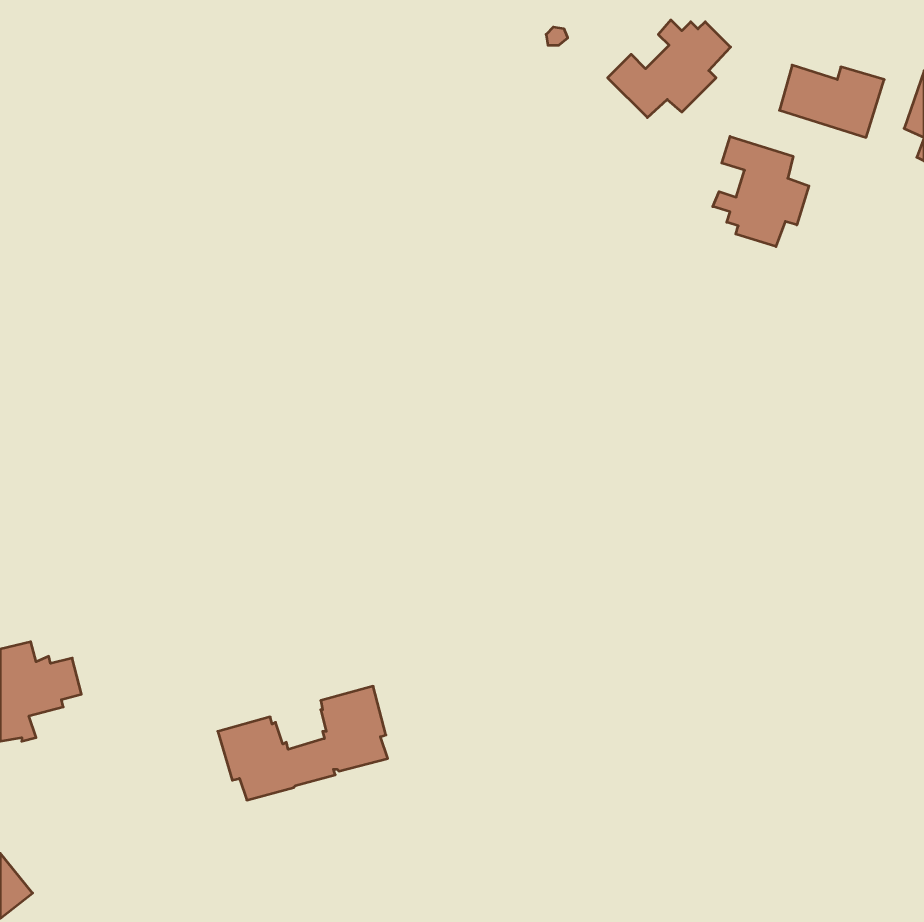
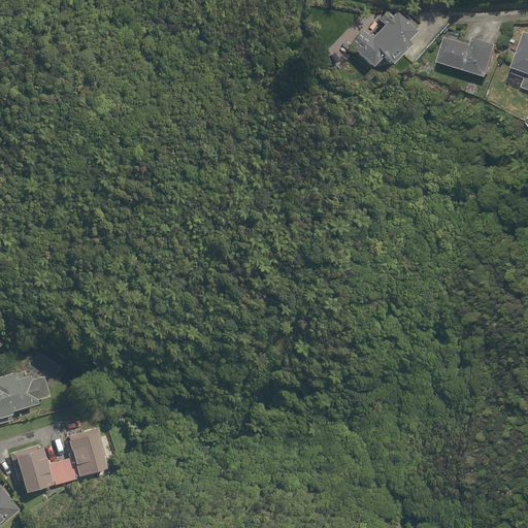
building: [713,136,809,247] -> none
building: [218,686,388,800] -> [8,428,105,493]

